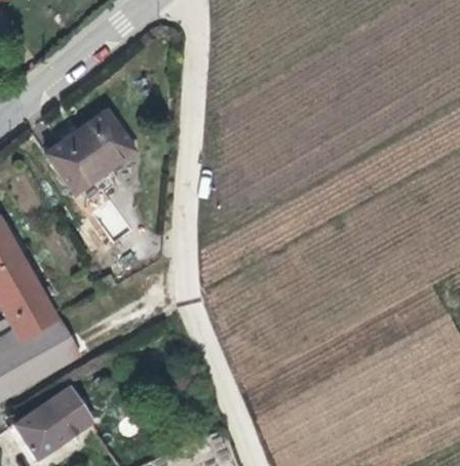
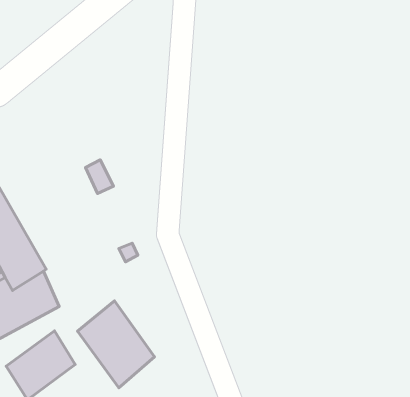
building: [46,105,139,190] -> none
building: none -> [78,301,155,388]

